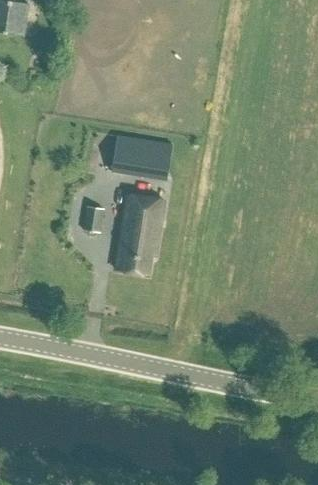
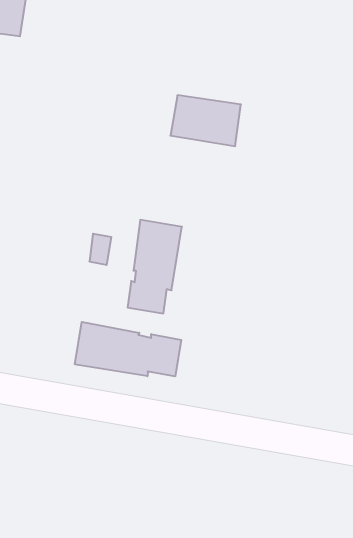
building: [111,132,172,176] -> [170,95,241,146]
building: none -> [75,322,181,376]

